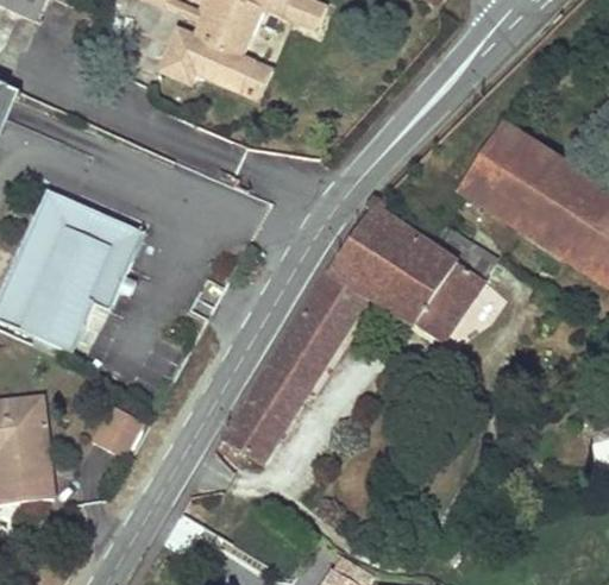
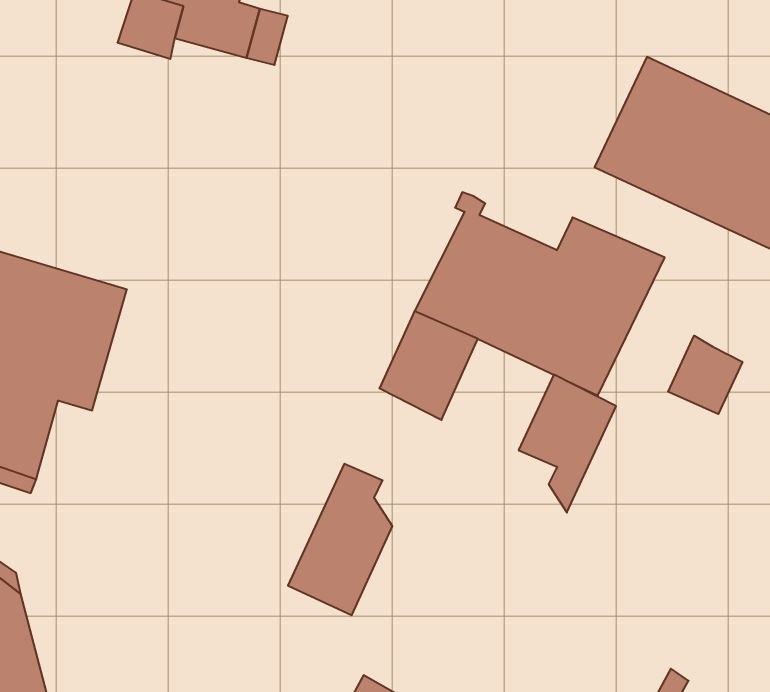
building: none -> [668,336,742,414]
building: [269,319,337,410] -> [519,375,616,513]
building: [92,404,144,459] -> none

